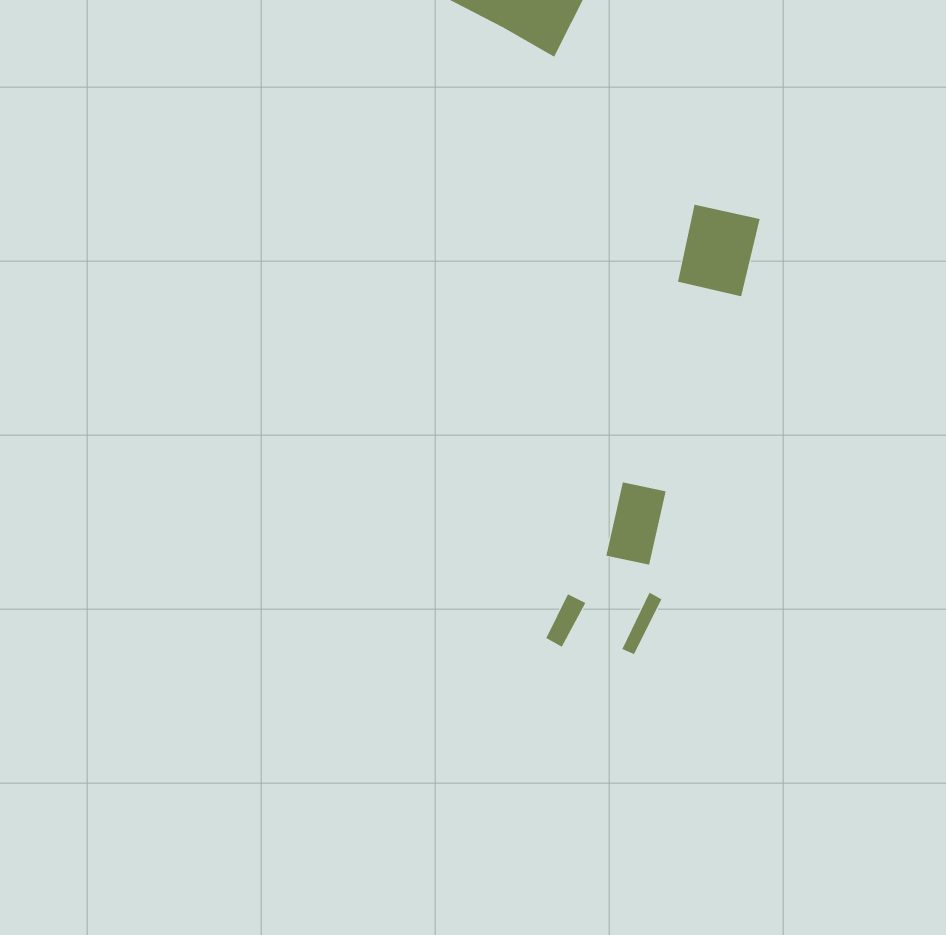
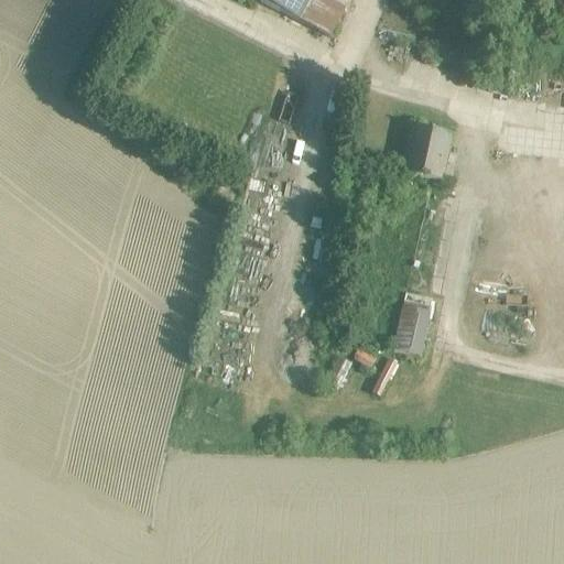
building: [605,482,667,565] -> [393,302,430,351]

